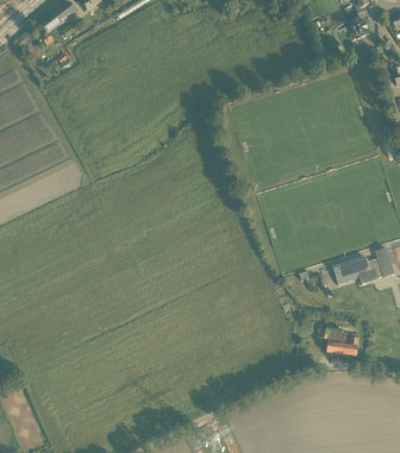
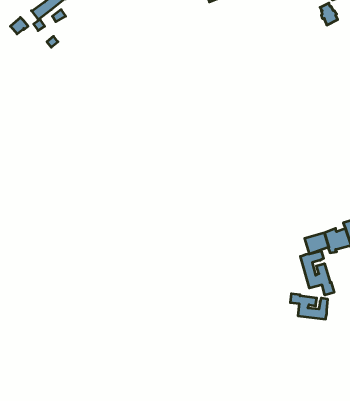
building: none -> [300,251,334,295]

